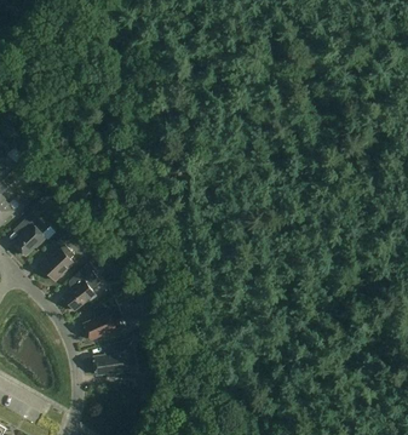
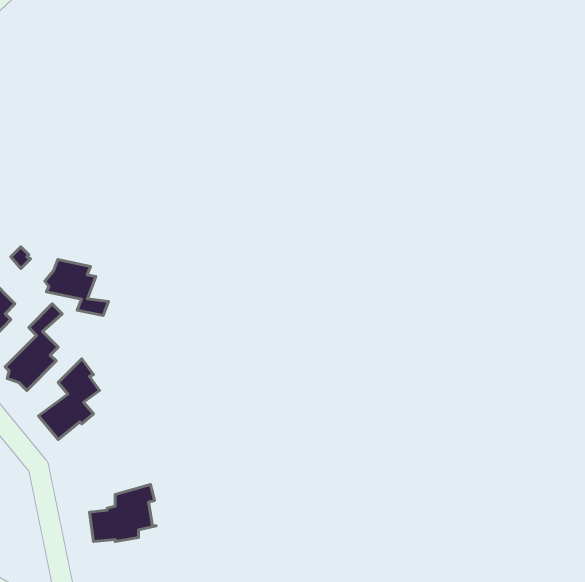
building: none -> [45,260,109,316]
building: [85,297,125,340] -> none

